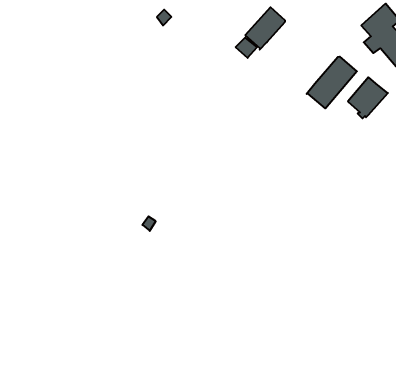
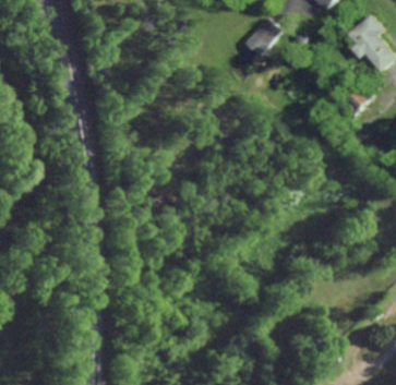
building: [307,57,357,108] -> none

